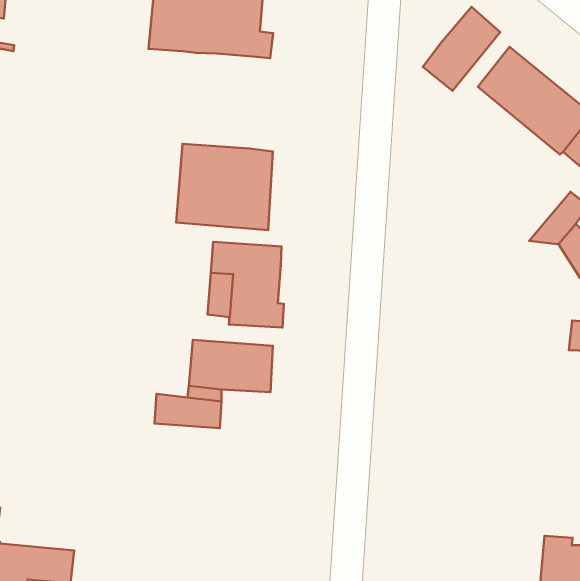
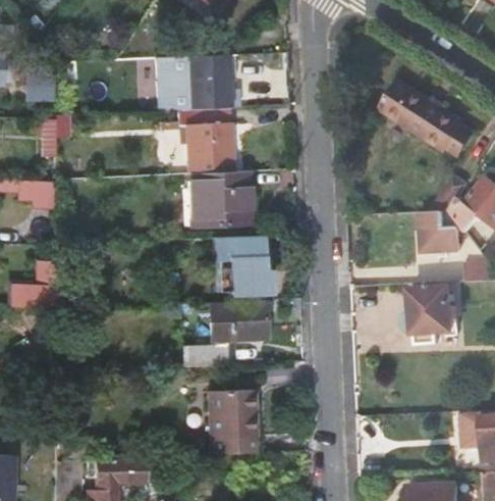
building: [423,7,500,91] -> none
building: none -> [180,108,233,173]
building: none -> [422,212,462,253]
building: none -> [413,287,454,335]
building: none -> [208,390,259,454]

